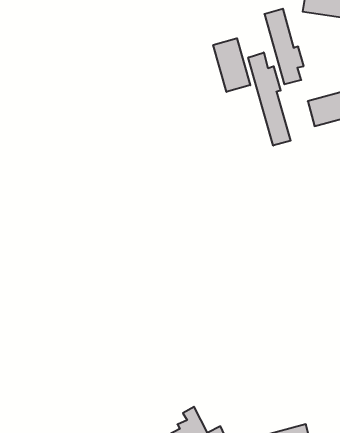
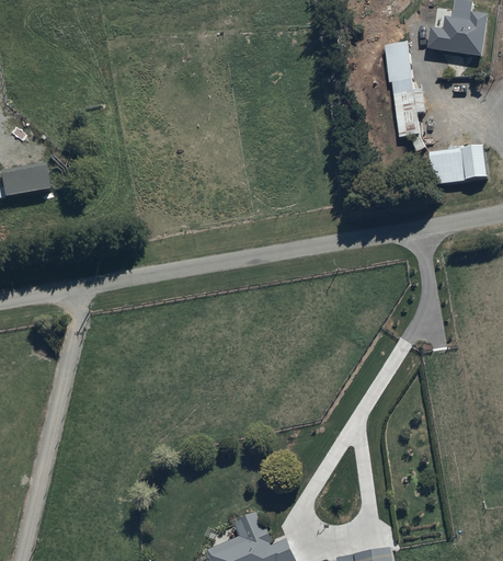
building: [213,38,250,92] -> none
building: [248,52,291,146] -> none

